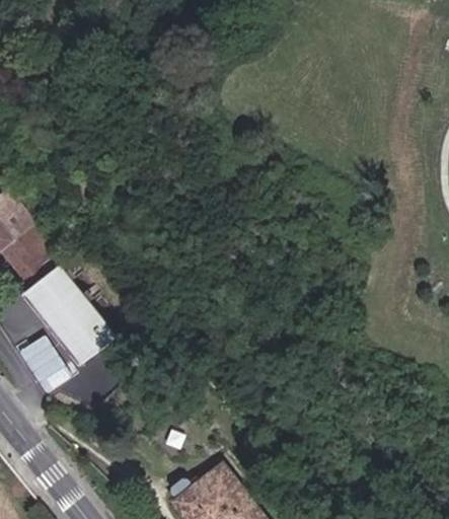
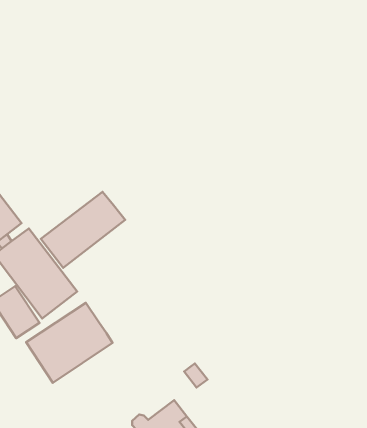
building: none -> [41,192,125,268]
building: none -> [26,303,113,383]

